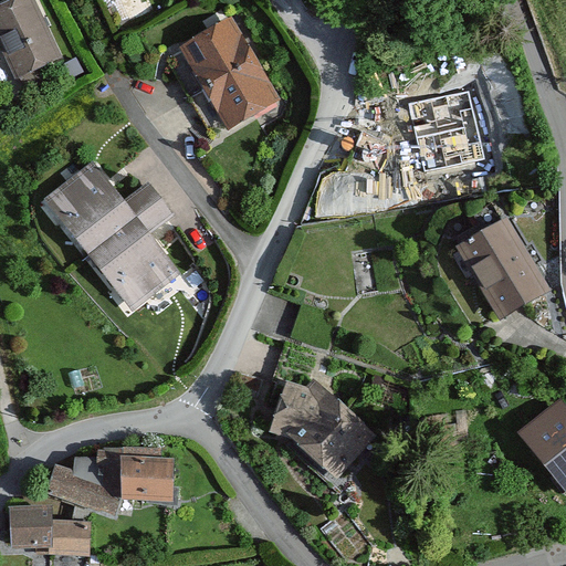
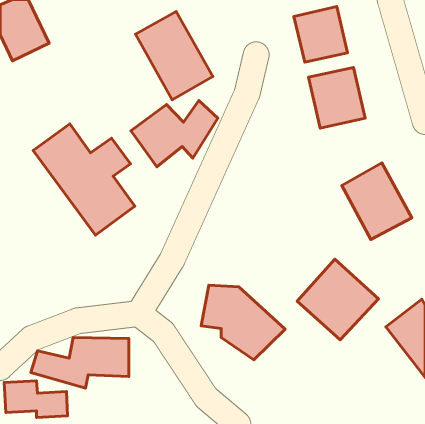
building: none -> [294,6,347,62]
building: none -> [131,101,218,167]
building: none -> [297,259,379,340]

